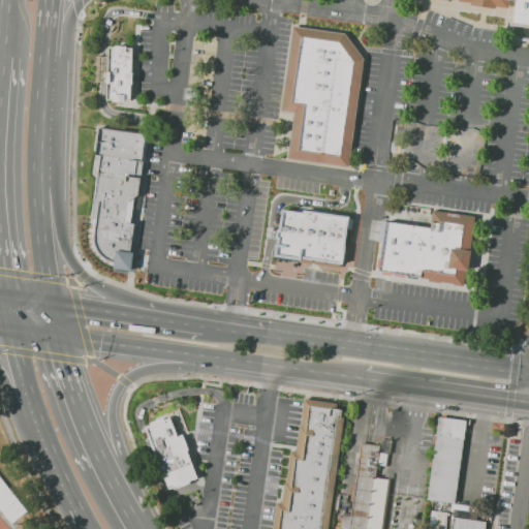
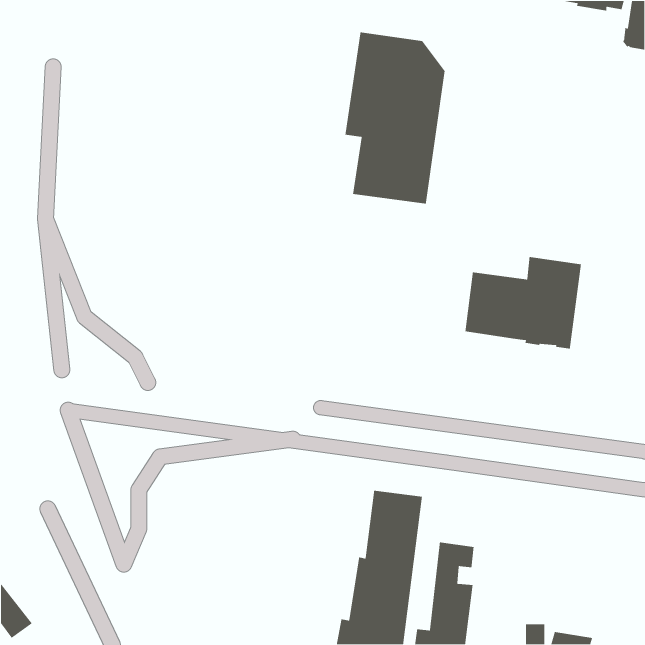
building: [106,45,133,100] -> none
building: [93,127,148,270] -> none
building: [274,209,349,264] -> none
building: [428,416,465,503] -> none
building: [148,418,199,490] -> none

